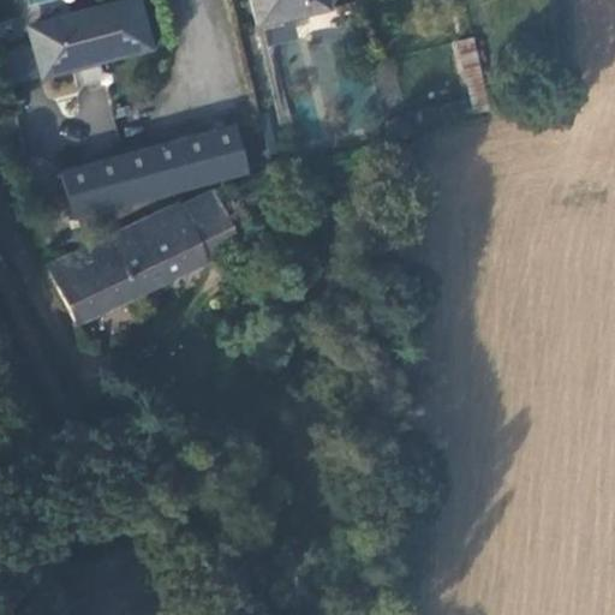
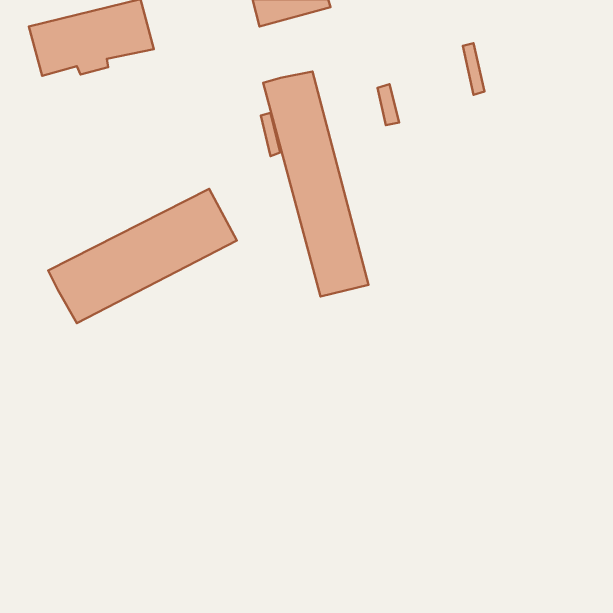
building: none -> [263,71,369,296]
building: [64,124,252,217] -> none

